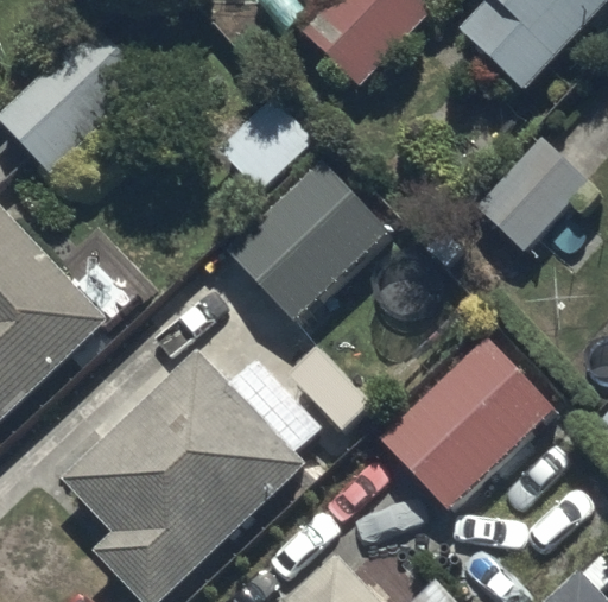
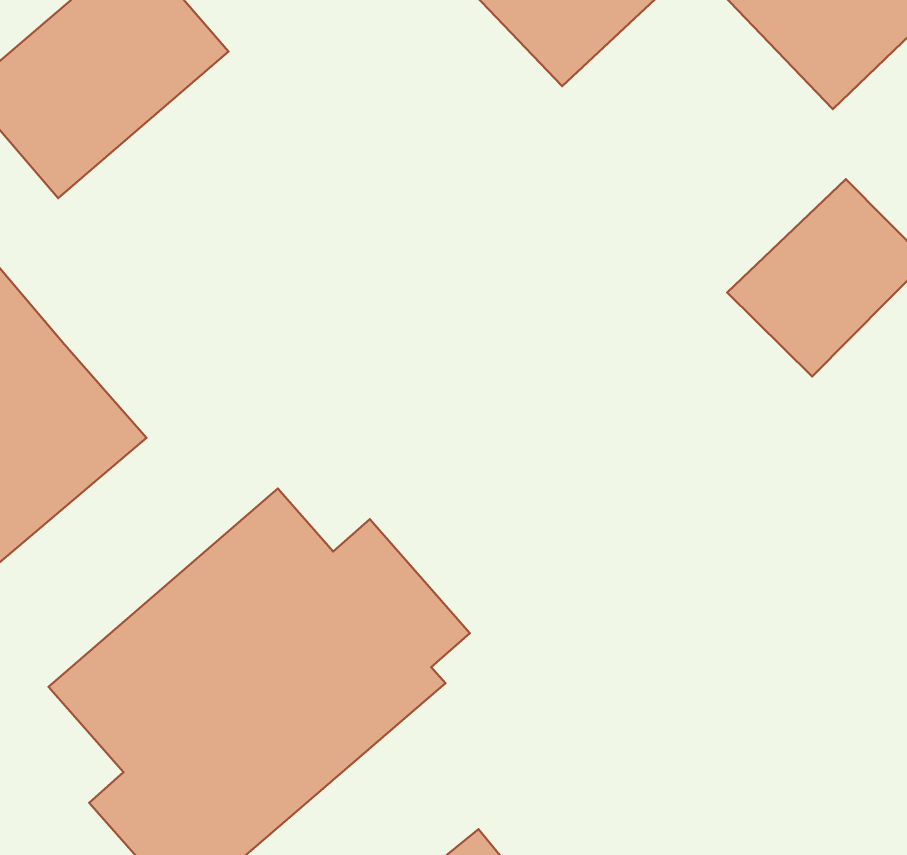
building: [221,153,392,323] -> none
building: [379,338,552,508] -> none

